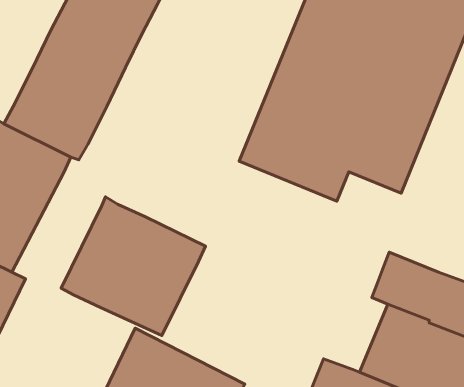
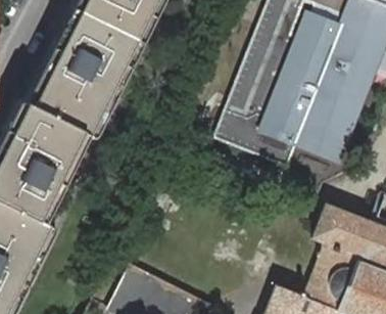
building: [61,197,206,335] -> none

